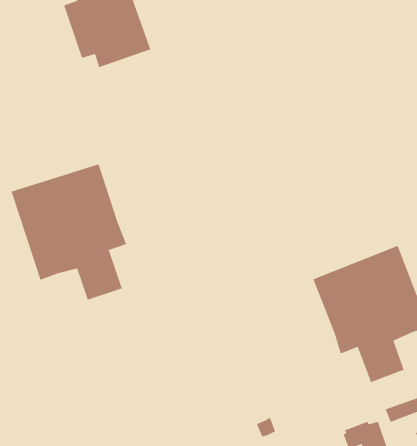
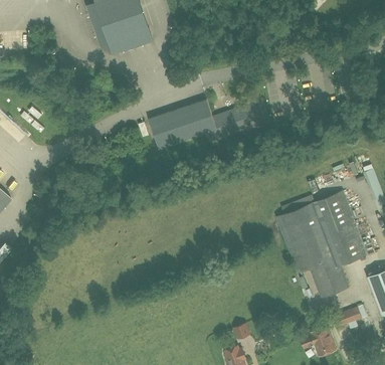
building: none -> [148,100,265,149]
building: [11,163,127,300] -> none

